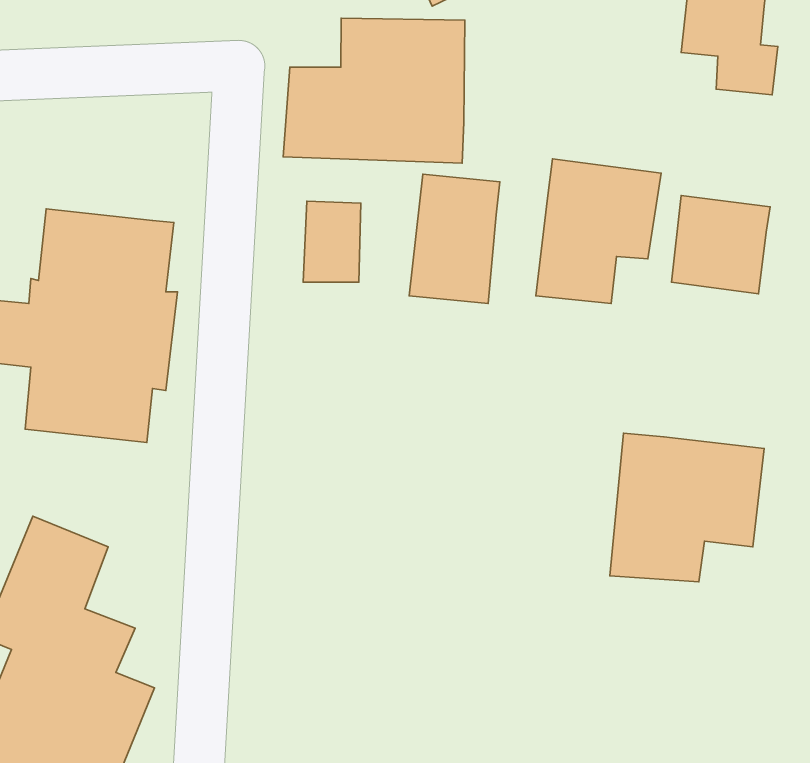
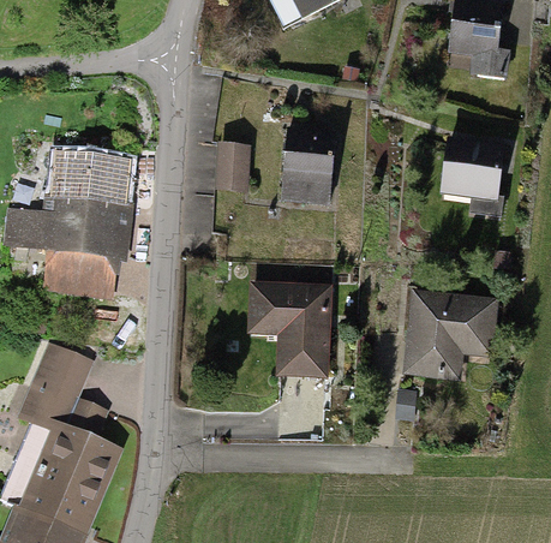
building: [283,18,465,163] -> none
building: [536,159,661,304] -> none
building: none -> [247,282,331,378]

